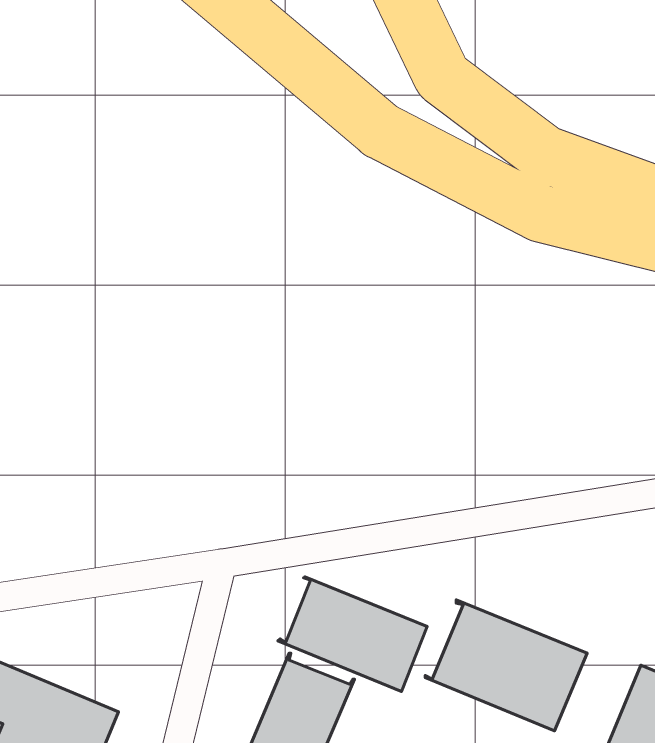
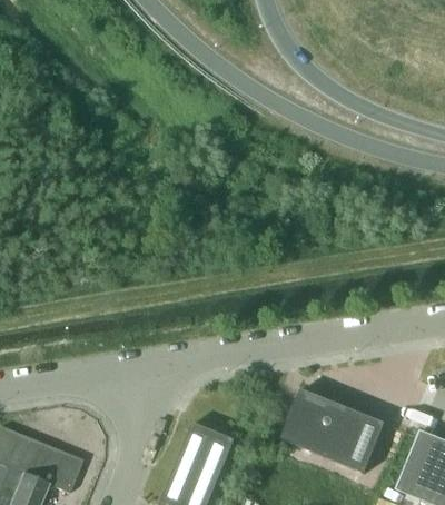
building: [278,577,427,692] -> none

